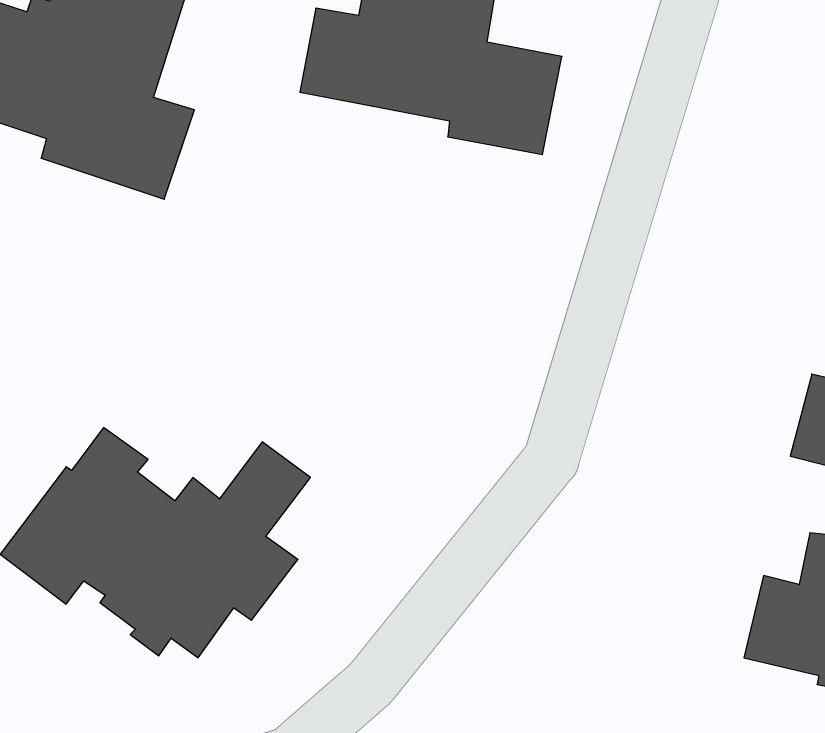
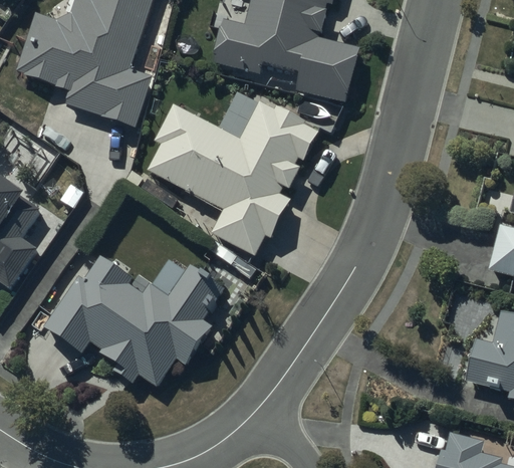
building: none -> [149,97,318,262]

